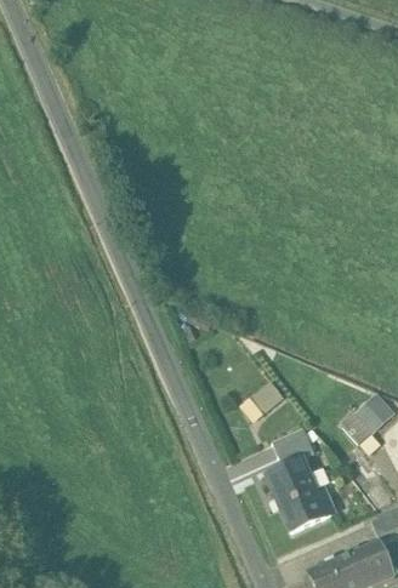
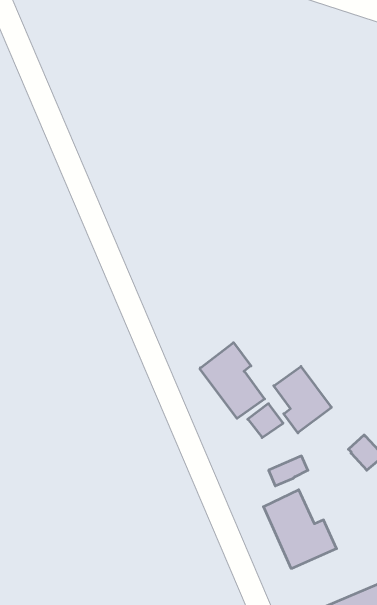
building: none -> [200,343,265,418]
building: none -> [274,366,331,433]

